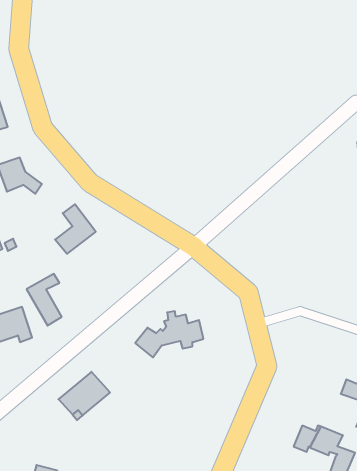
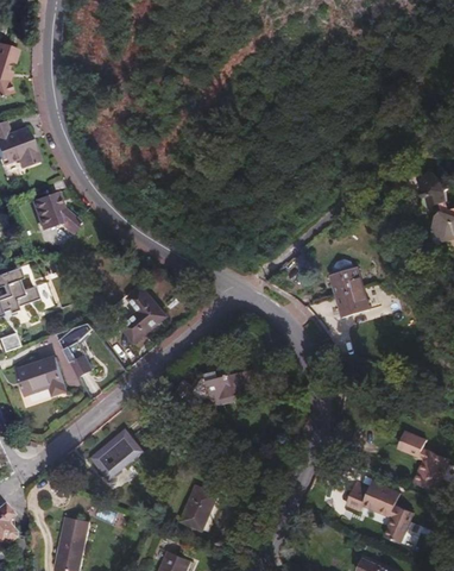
building: [55,204,96,254] -> [121,289,165,343]
building: none -> [330,257,368,316]
building: none -> [184,484,222,528]

